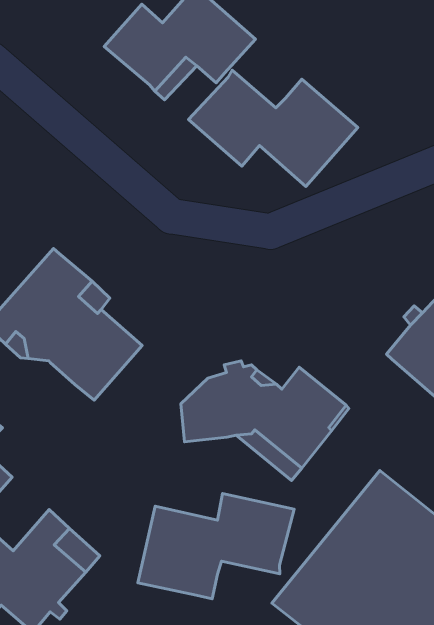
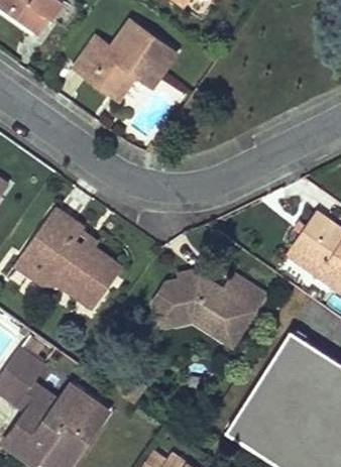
building: [188,70,358,186] -> none
building: [138,493,294,599] -> none

